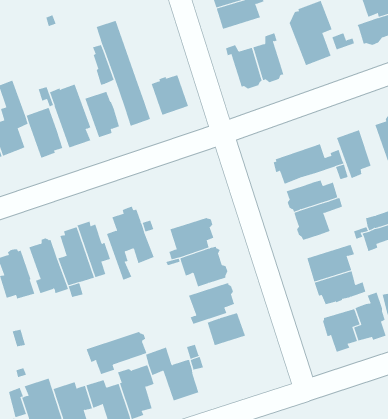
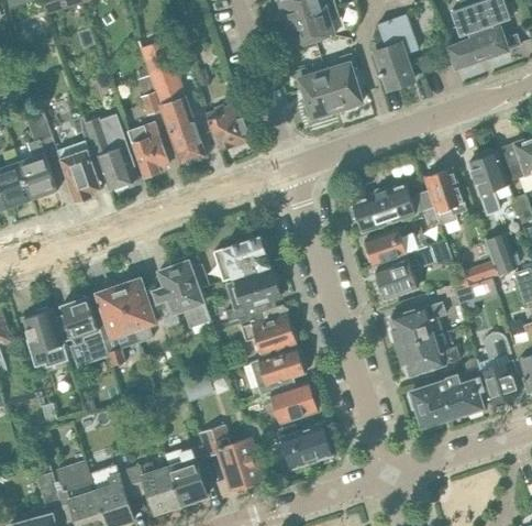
building: none -> [214,235,270,281]
building: [86,331,147,375] -> none
building: none -> [274,425,332,472]

